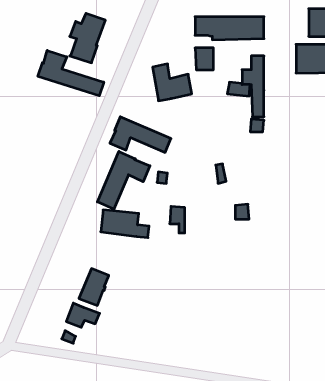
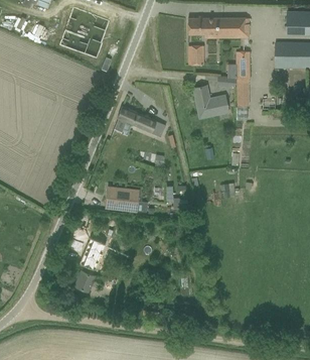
building: [38,50,104,96] -> none
building: [153,64,192,101] -> [193,86,227,118]
building: [97,151,150,209] -> none

